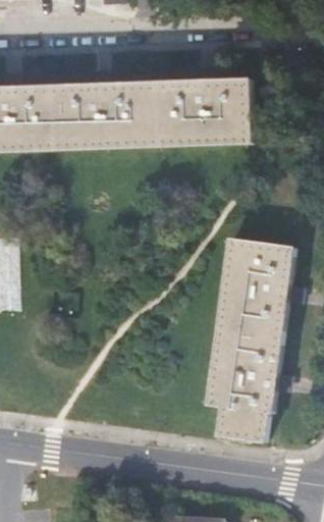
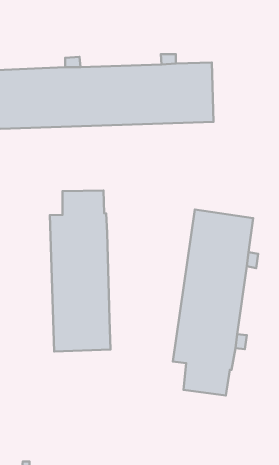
building: none -> [50,190,110,351]

